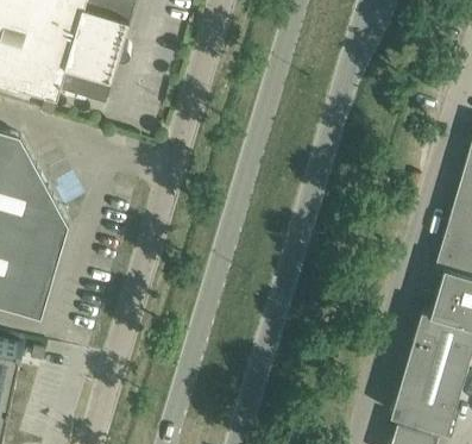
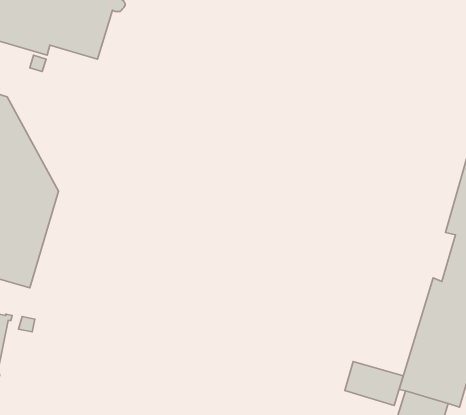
building: none -> [345,362,403,405]

